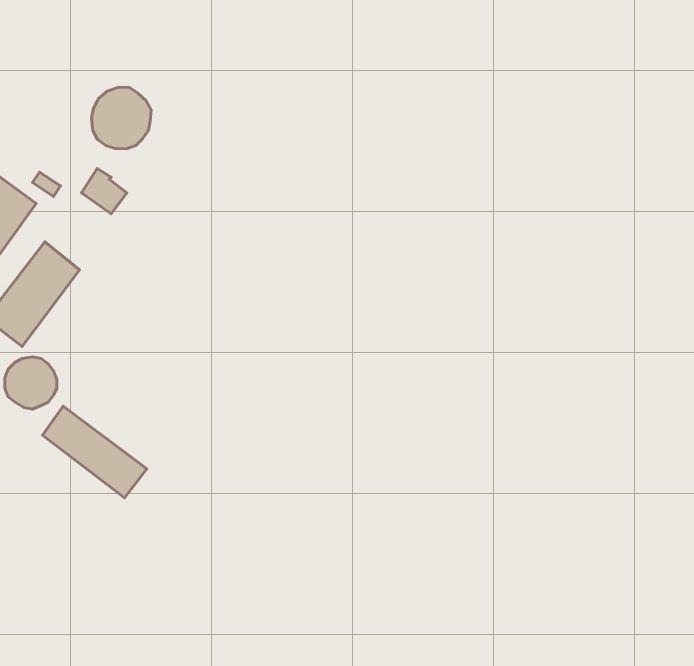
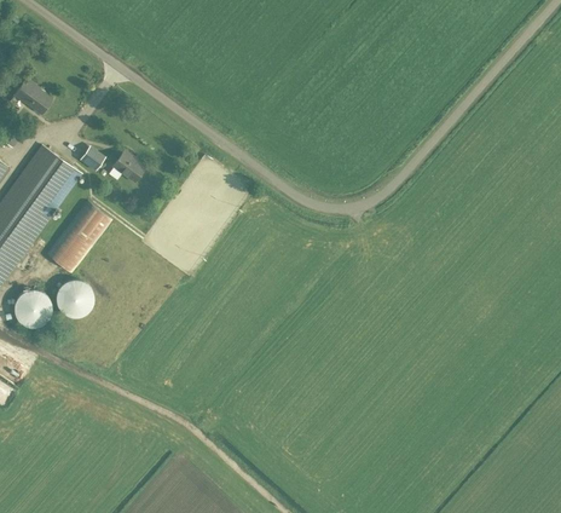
building: [91,87,151,149] -> none
building: [43,406,147,498] -> none

